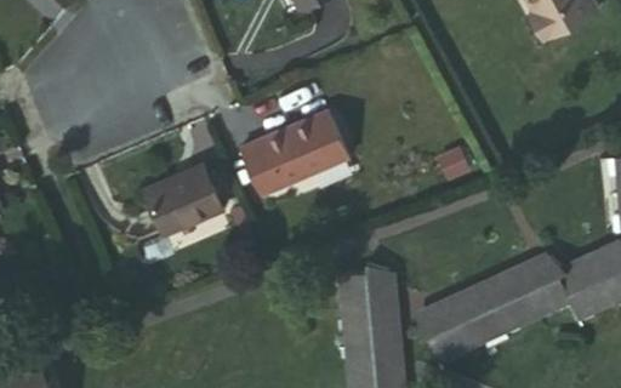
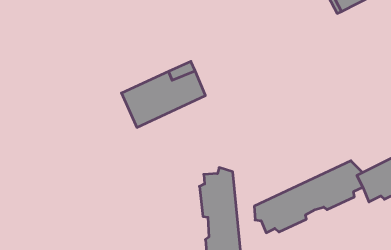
building: [147,165,220,234] -> none

